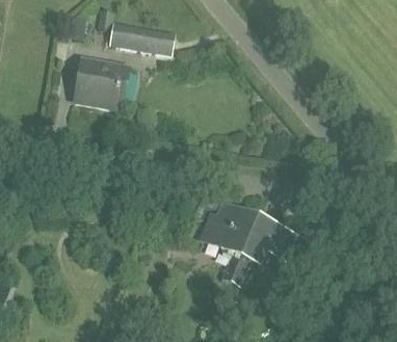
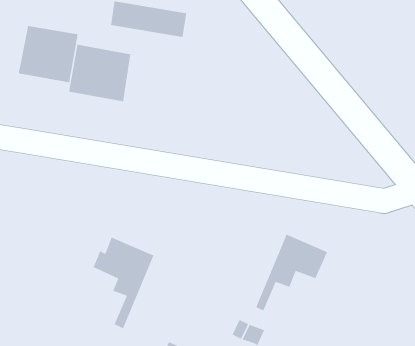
building: none -> [18,25,78,83]
building: [205,203,257,281] -> [92,237,154,329]

